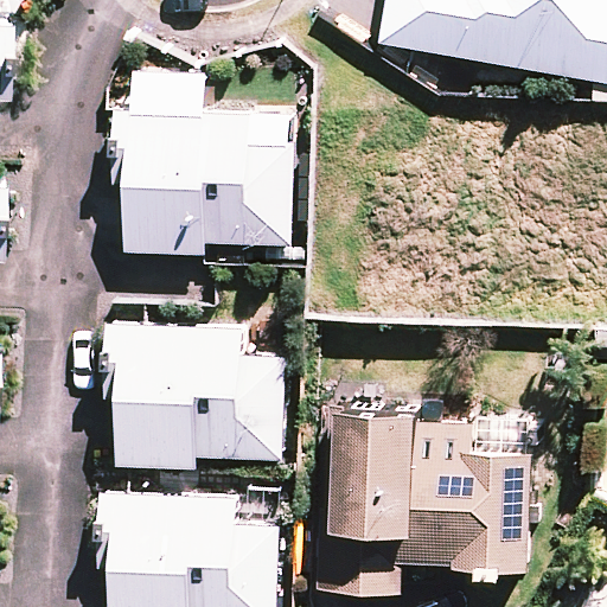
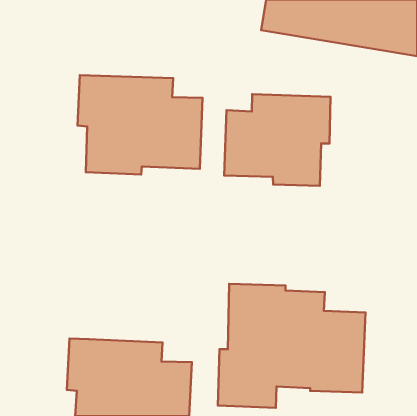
building: none -> [224,94,331,186]
building: [104,322,286,468] -> none

